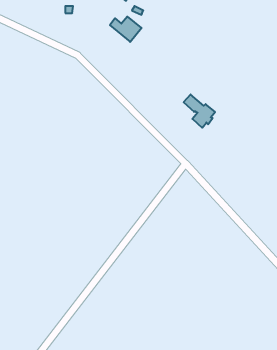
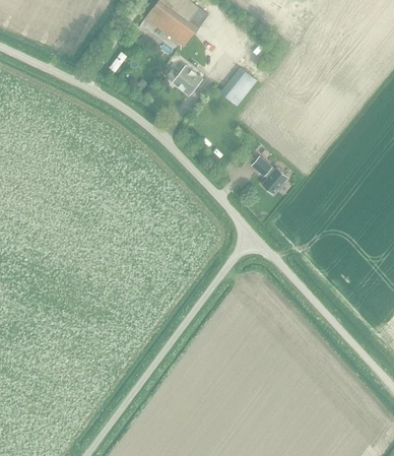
building: none -> [218,67,250,101]

